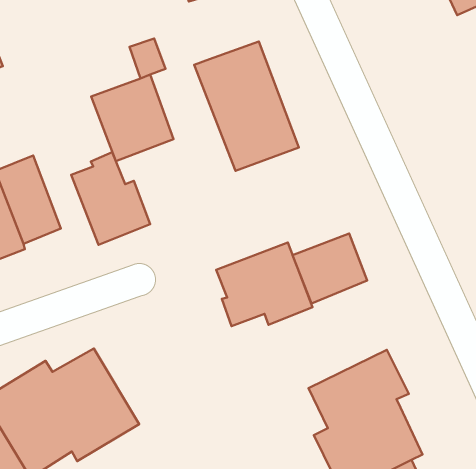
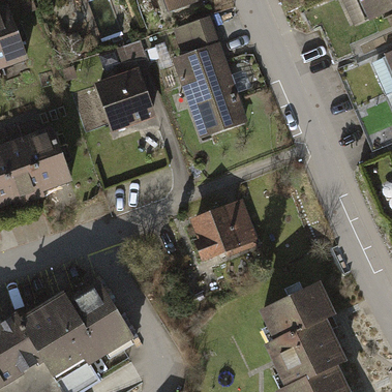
building: none -> [175,20,221,59]
building: [71,152,150,245] -> none
building: [293,233,367,304] -> none

